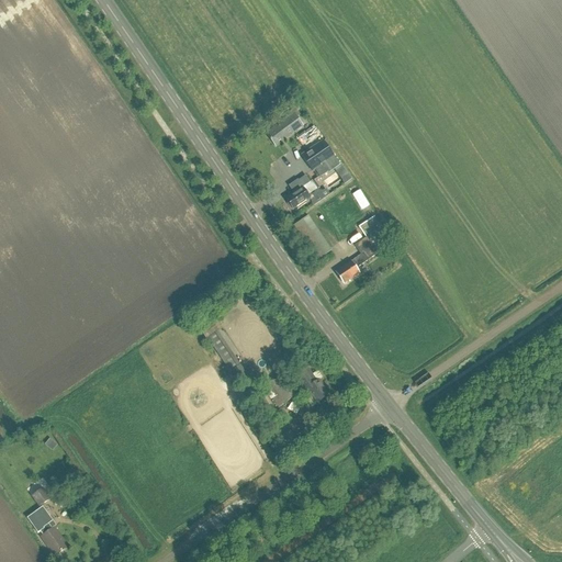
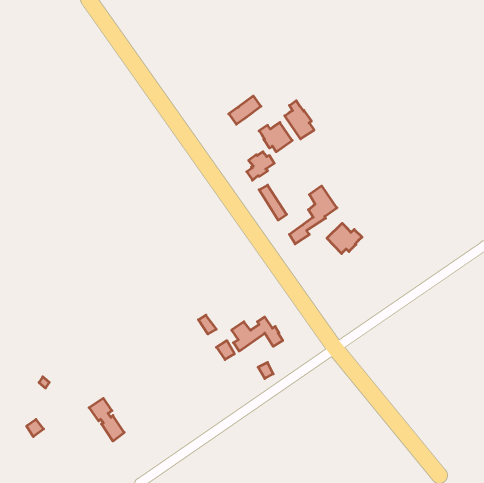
building: none -> [285,101,314,139]
building: none -> [327,223,362,254]
building: [25,505,66,554] -> [89,398,124,441]

